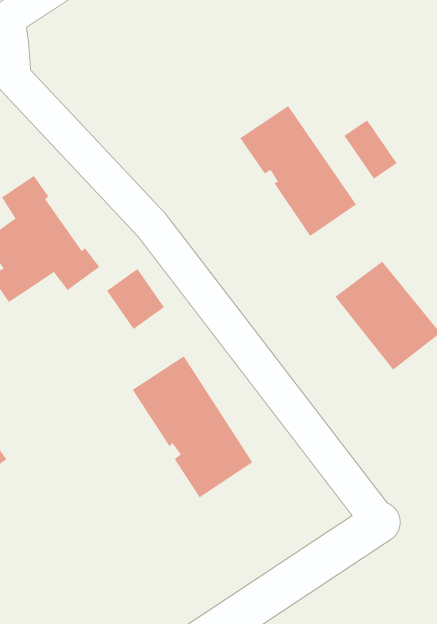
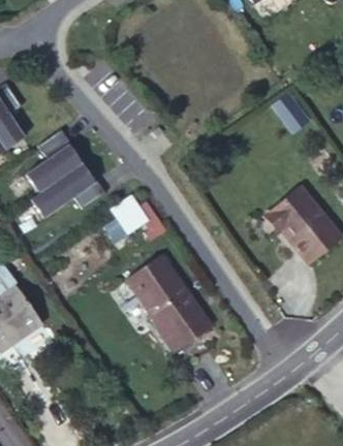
building: [240,105,357,237] -> none

